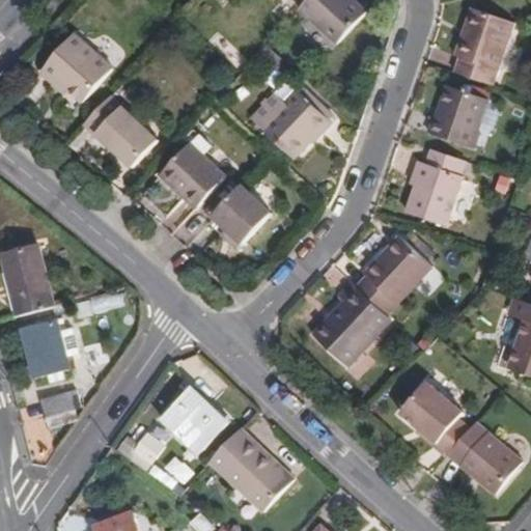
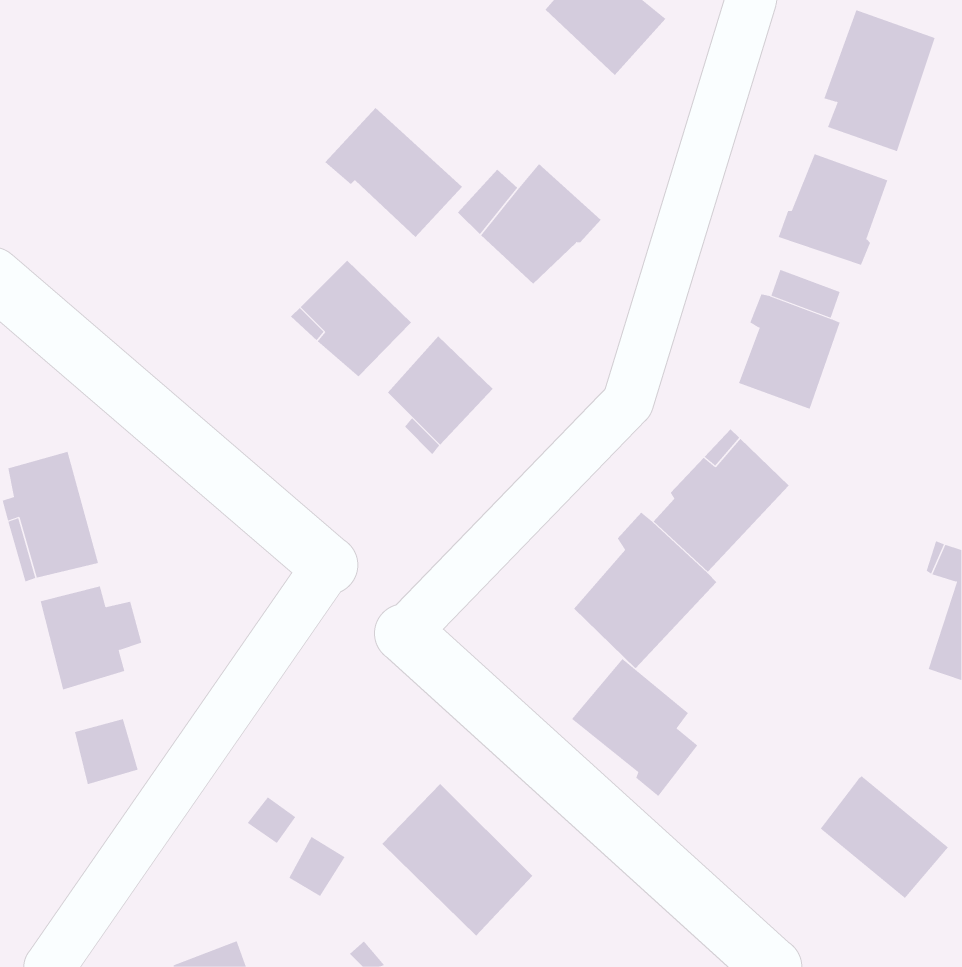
building: [39,34,111,103] -> none
building: [82,94,158,166] -> [324,107,463,238]
building: [399,379,469,454] -> [571,658,698,797]
building: [161,388,226,453] -> none

